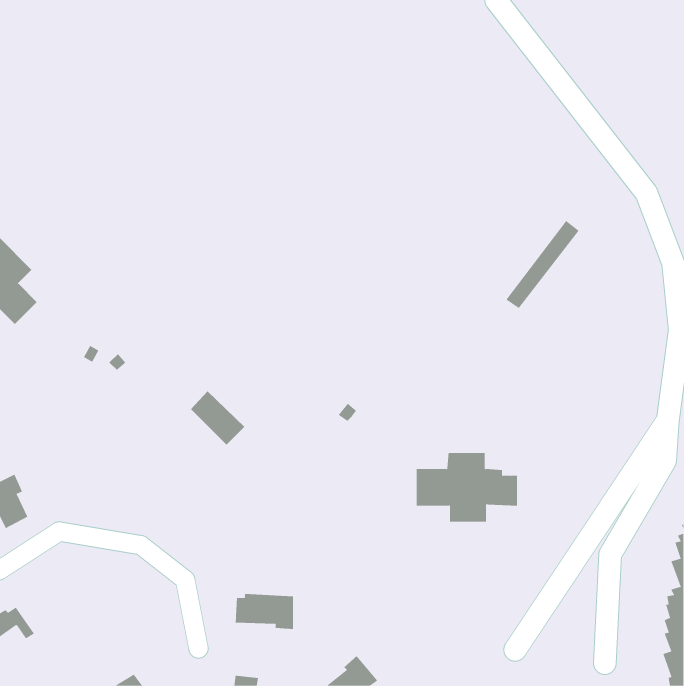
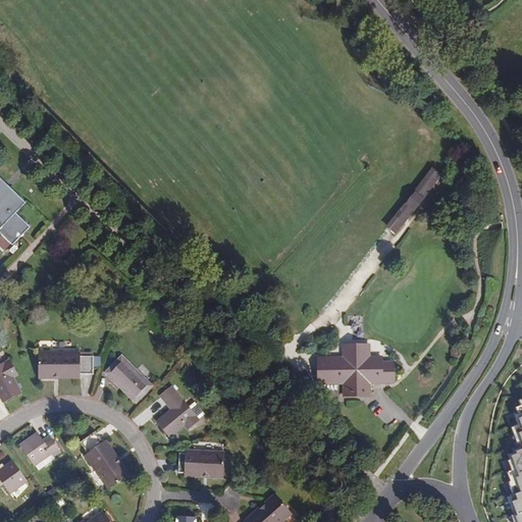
building: [190,390,245,446] -> [107,358,149,400]
building: none -> [39,353,93,378]
building: none -> [156,386,198,437]
building: none -> [80,431,128,487]
building: none -> [20,433,60,465]

